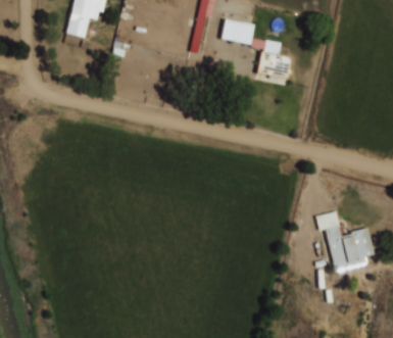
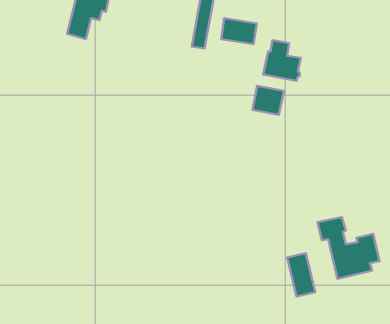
building: none -> [252,86,284,115]
building: none -> [287,253,315,296]

